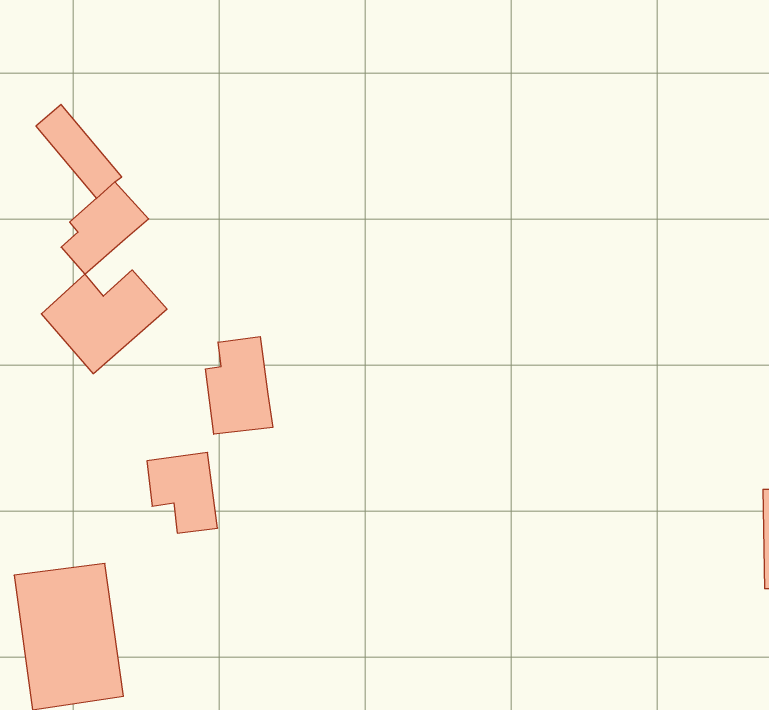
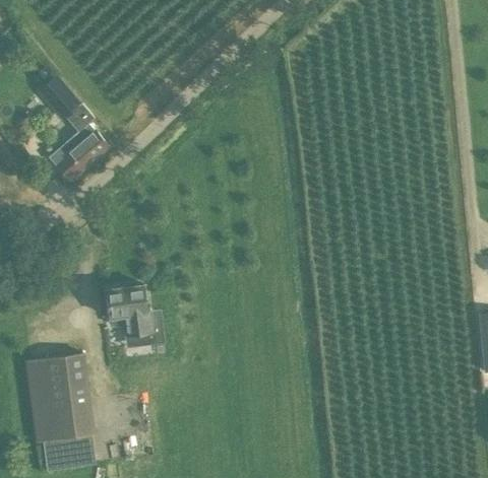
building: [41,270,167,374] -> none
building: [206,337,273,434] -> none

